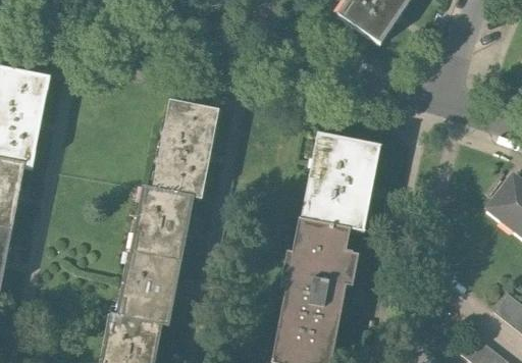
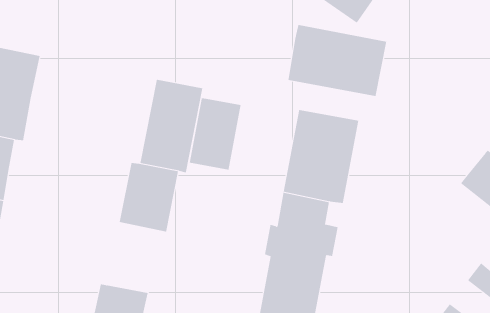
building: none -> [288,24,387,97]
building: none -> [189,97,241,170]
building: [117,251,180,326] -> none

